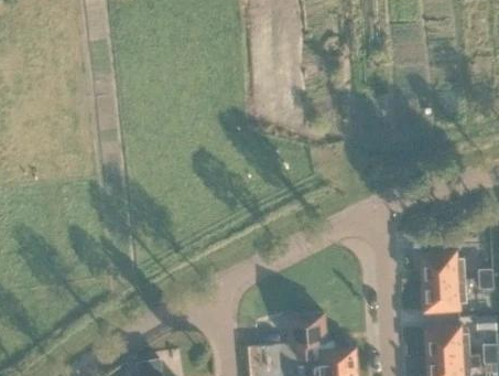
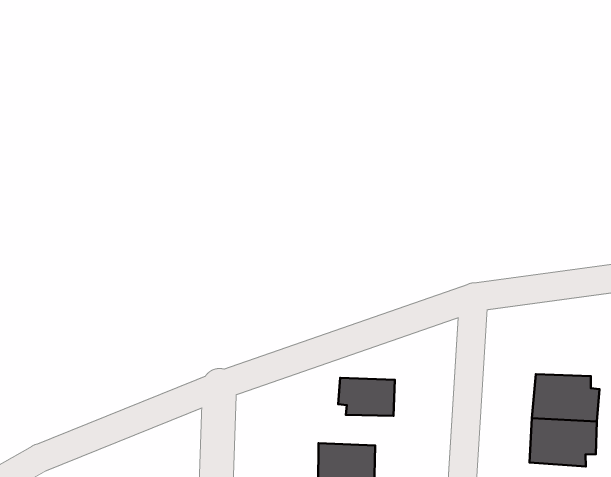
building: none -> [338,378,395,416]

